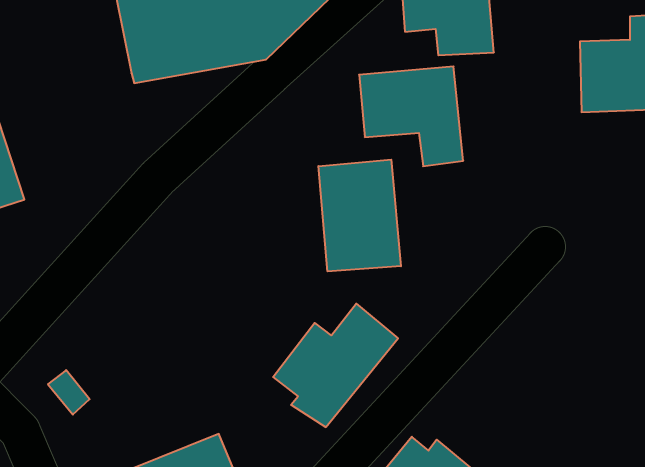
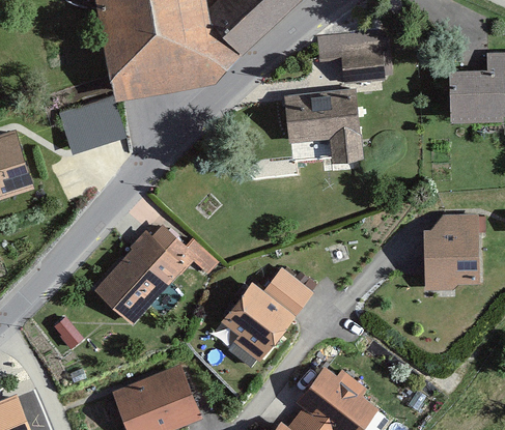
building: none -> [58,94,124,155]
building: [318,160,401,271] -> none
building: none -> [423,212,479,290]
building: none -> [93,224,196,325]

